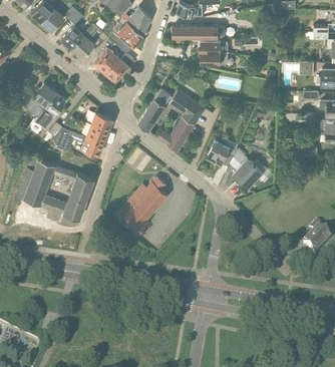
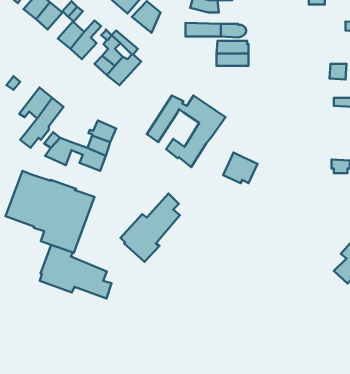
building: [111,20,142,46] -> none
building: [233,158,264,190] -> none
building: none -> [40,245,111,299]

